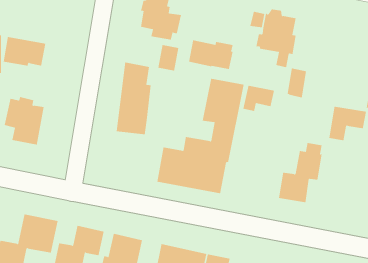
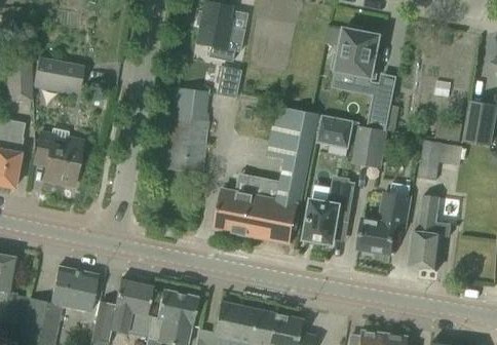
building: [188,40,233,70] -> none
building: none -> [353,125,387,167]
building: none -> [305,186,354,241]
building: none -> [410,195,451,269]

